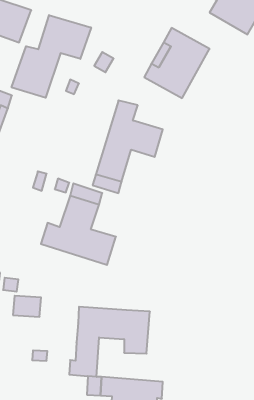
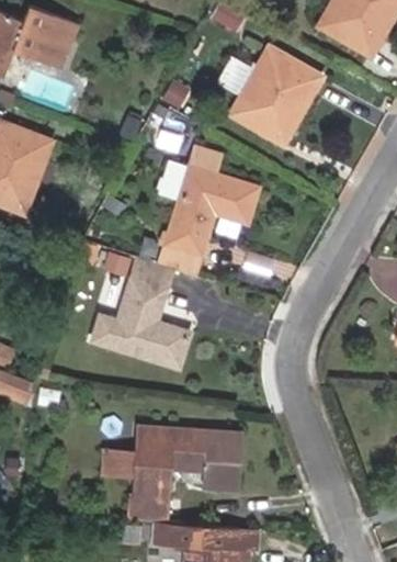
building: [12,15,91,98] -> none
building: [13,296,41,317] -> [102,447,140,475]

